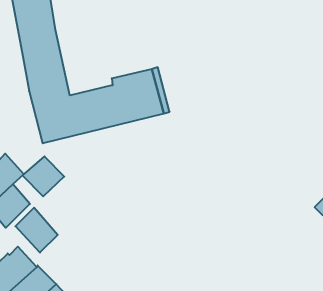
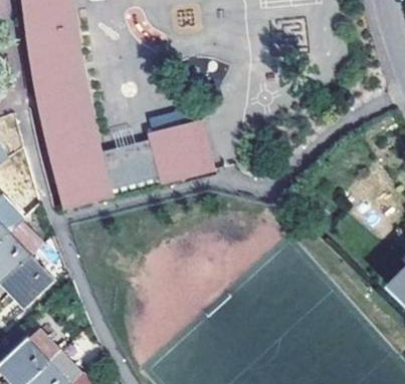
building: [22,156,64,196] -> none
building: [15,208,58,253] -> none

